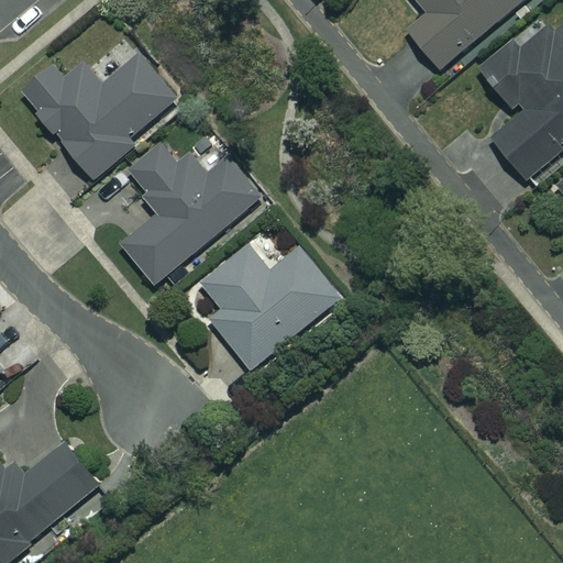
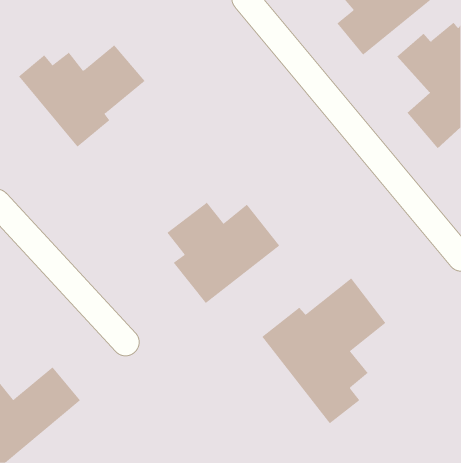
building: [121,132,260,284] -> none
building: none -> [261,278,386,424]

